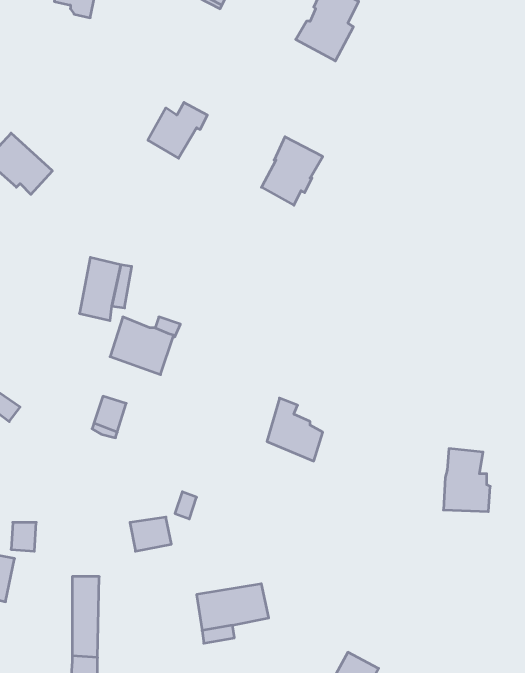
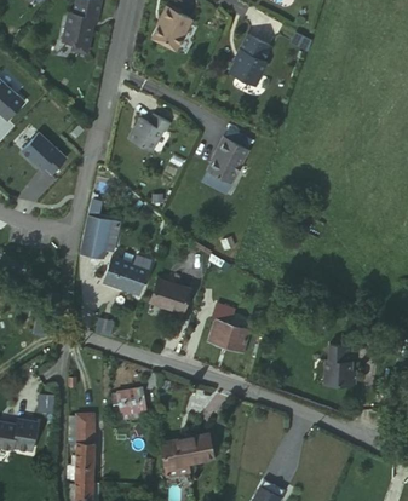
building: none -> [149,282,186,312]

